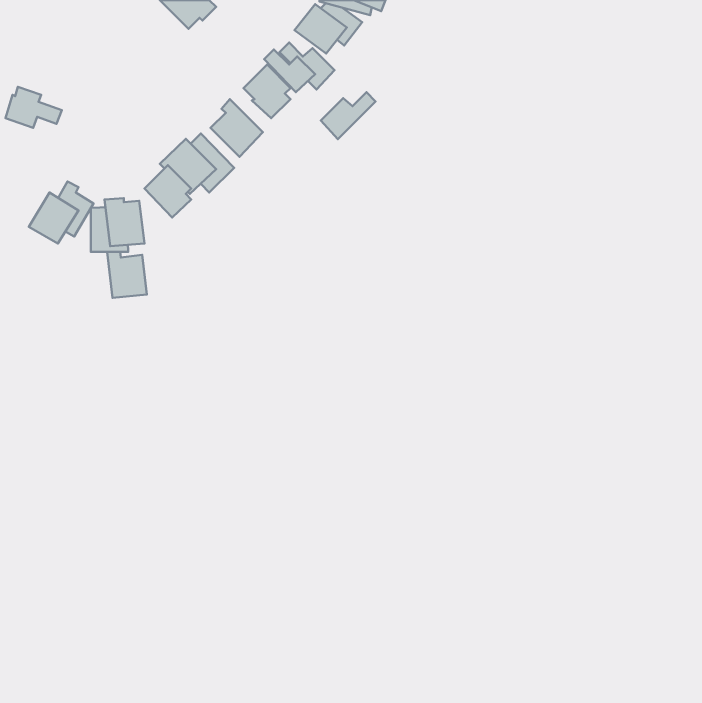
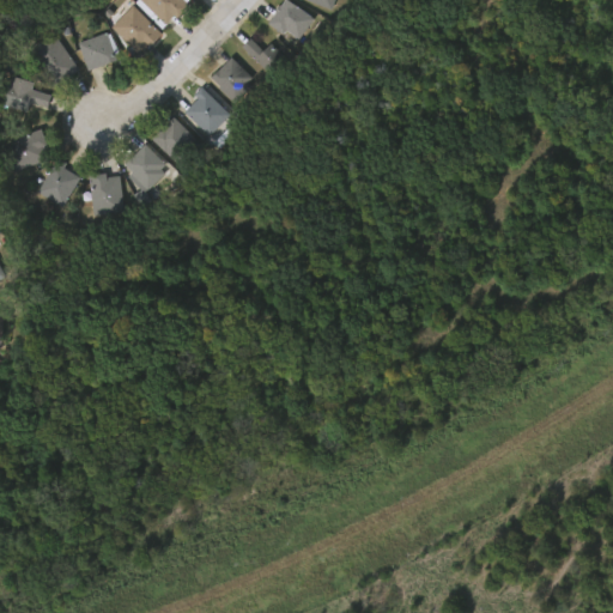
building: none -> [110,5,160,53]
building: none -> [29,32,80,86]
building: none -> [77,32,117,71]
building: [321,92,376,139] -> none
building: none -> [5,128,50,171]
building: [107,252,147,298] -> none

